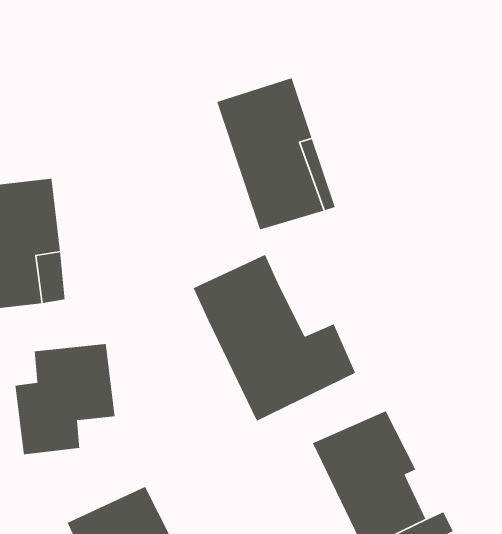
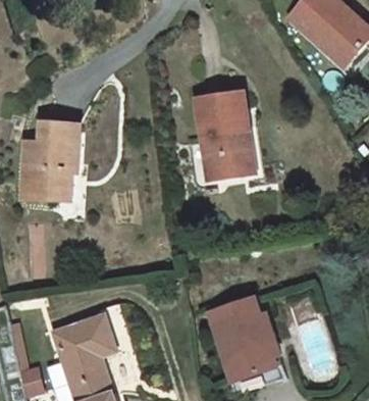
building: [193,254,356,422] -> none
building: [15,343,115,455] -> none

